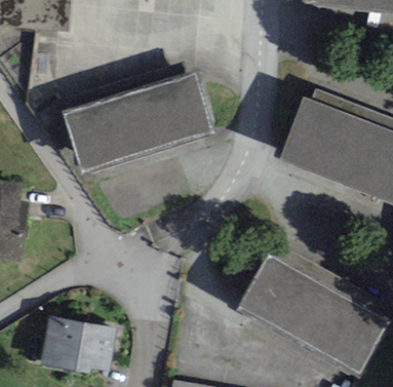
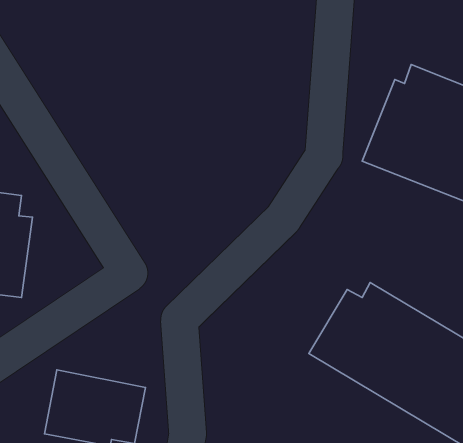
building: [64,73,212,175] -> none

